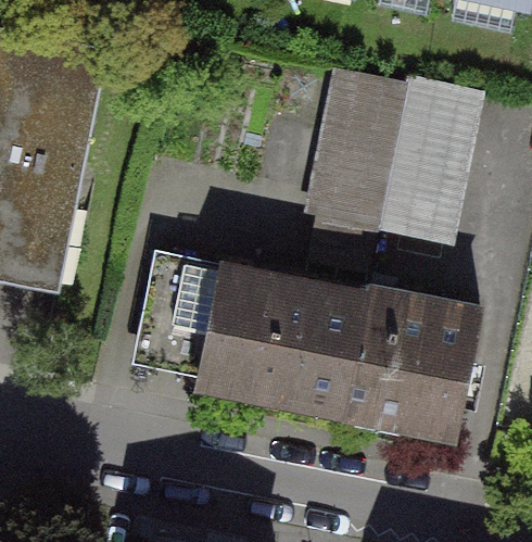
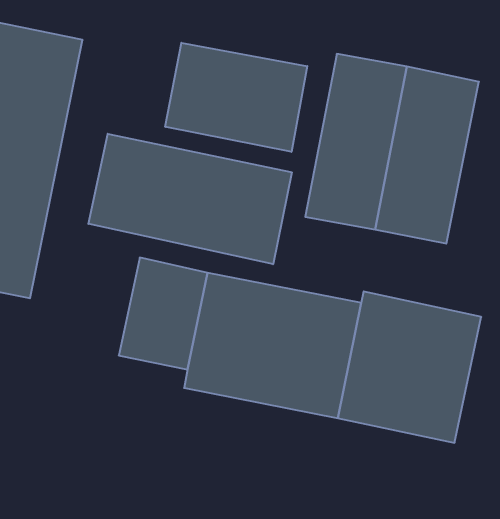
building: none -> [165,43,307,152]
building: none -> [88,134,292,264]

